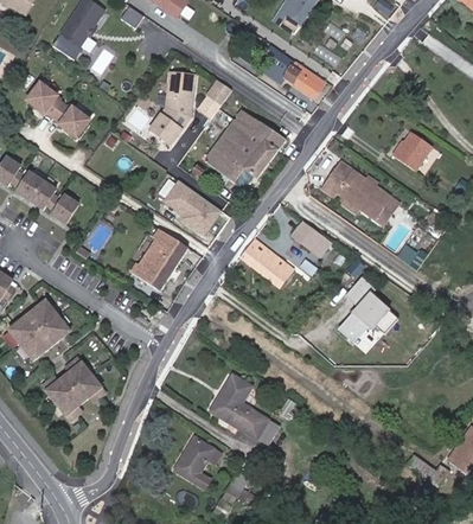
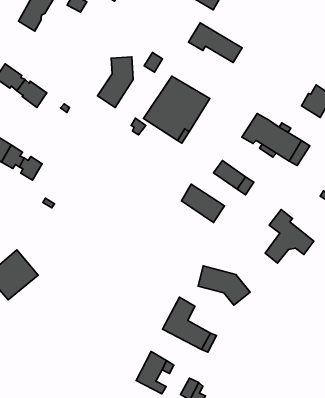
building: [164,179,218,232] -> none
building: [128,225,185,287] -> none
building: none -> [198,266,250,305]
building: [39,363,98,423] -> none

